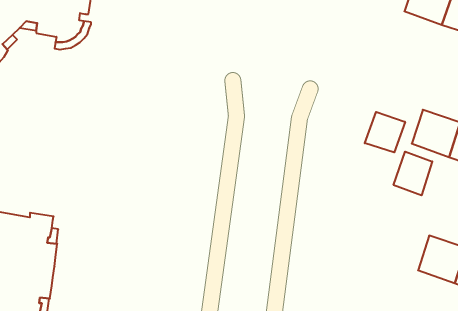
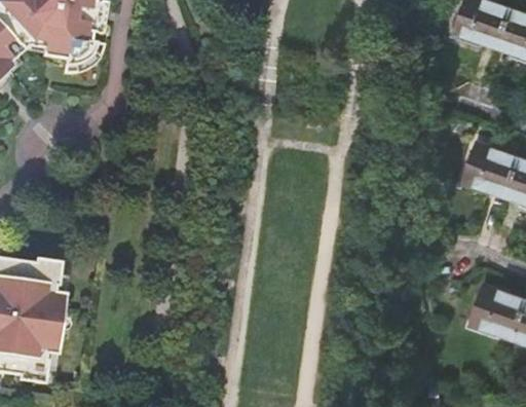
building: [365,112,405,152] -> none
building: [394,152,432,195] -> none

